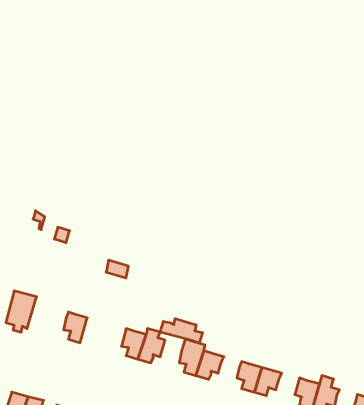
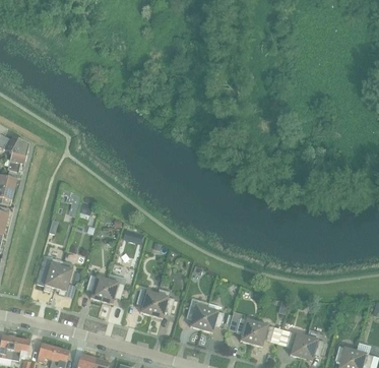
building: none -> [55,260,74,297]
building: none -> [101,272,126,304]
building: [160,319,203,343] -> none

